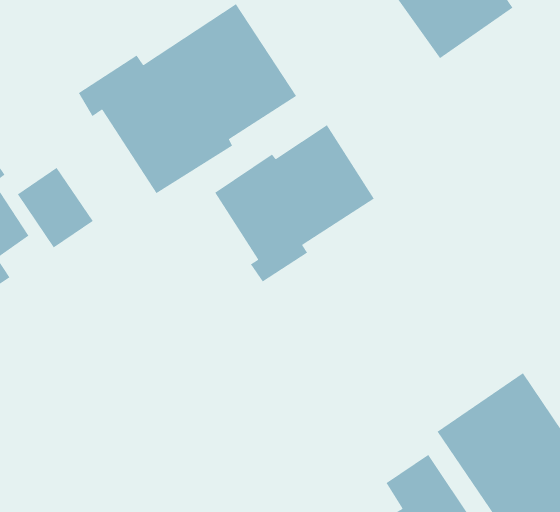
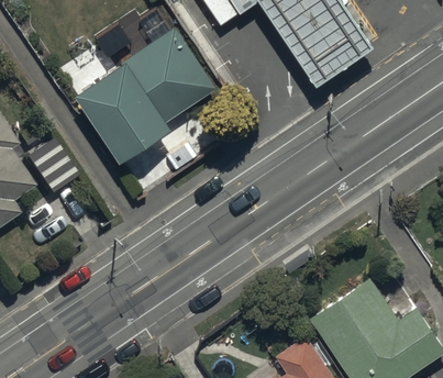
building: [214,124,375,282] -> none

